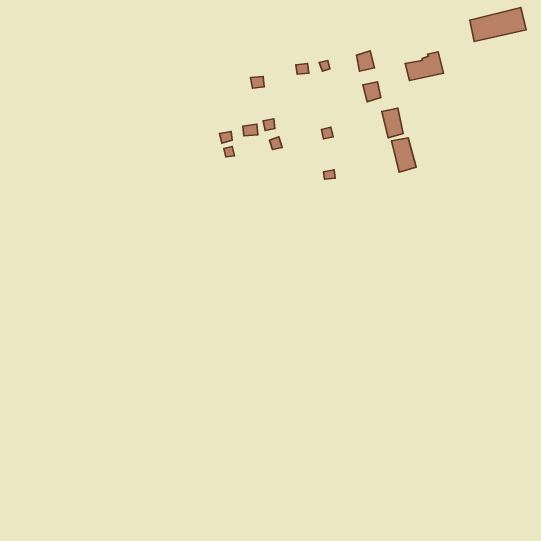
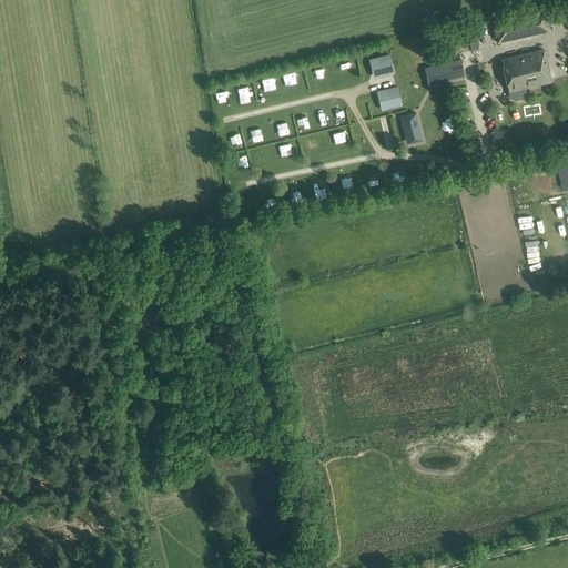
building: none -> [500,50,551,93]
building: [392,138,416,172] -> none

